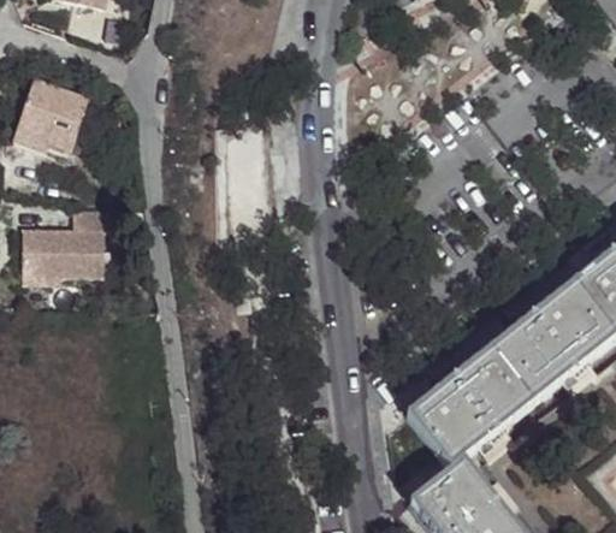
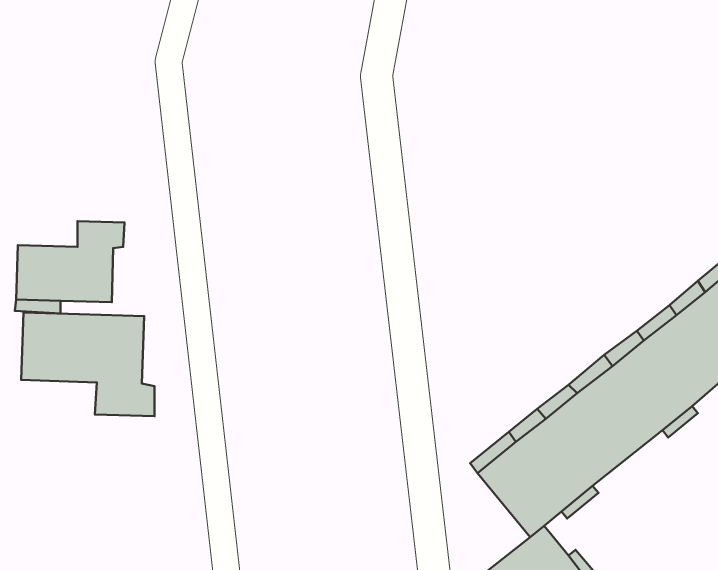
building: [12,81,85,152] -> none
building: none -> [21,313,154,416]

